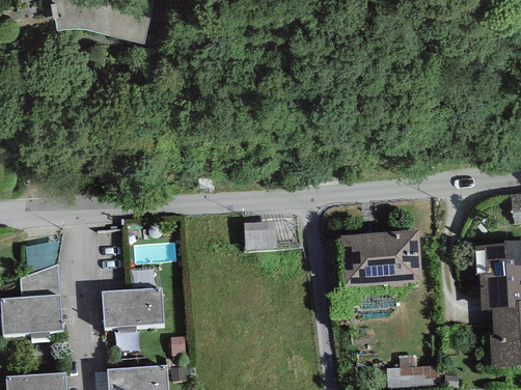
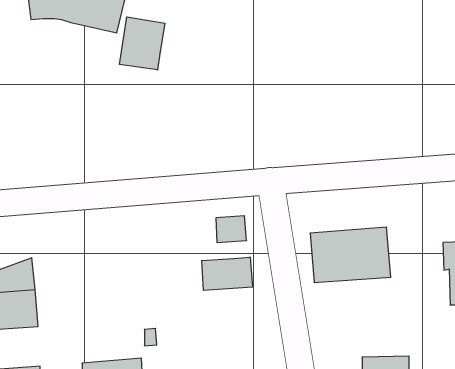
building: none -> [119,17,165,70]
building: none -> [202,257,253,290]
building: [101,289,163,331] -> none

